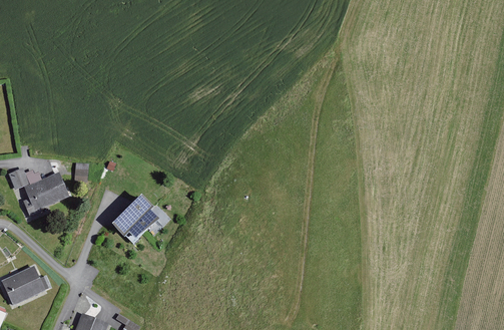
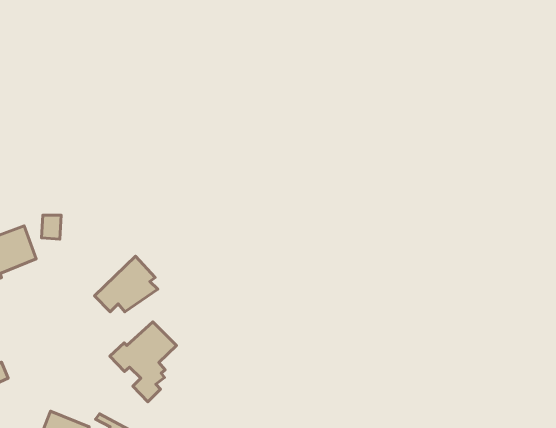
building: none -> [110,322,176,402]

